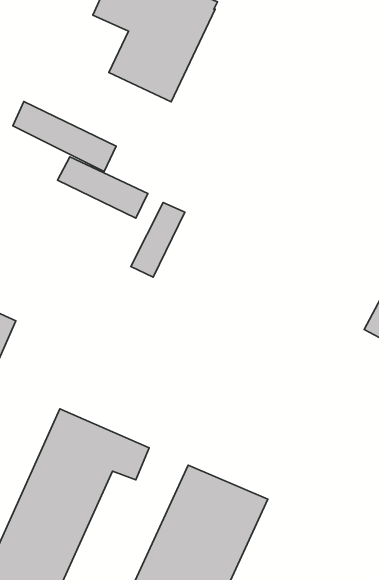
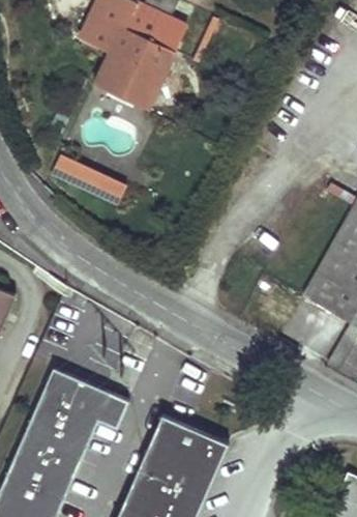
building: [13,101,116,171] -> none
building: [131,202,185,277] -> none

